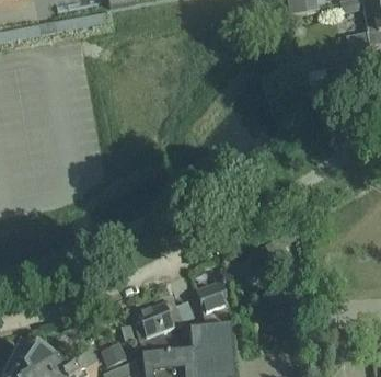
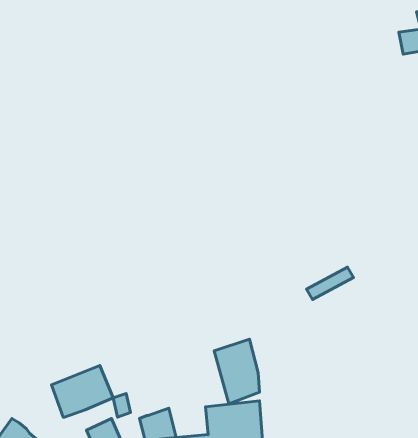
building: [136,297,182,335] -> [51,366,113,417]

